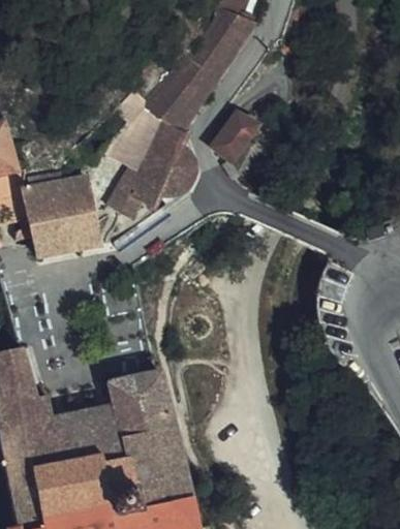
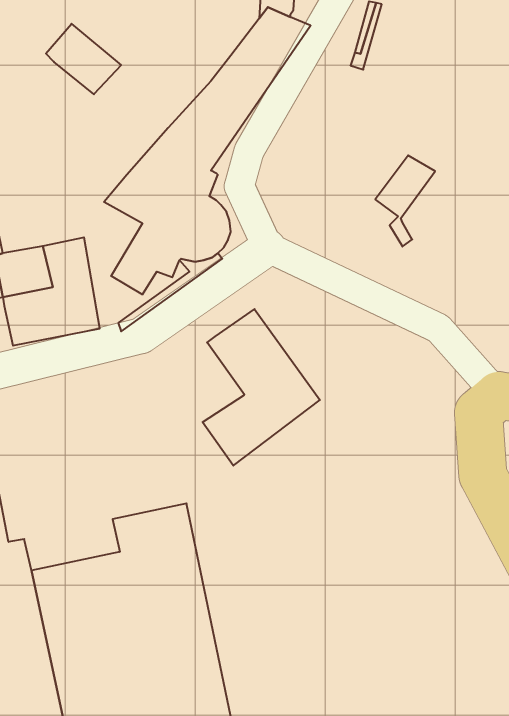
building: none -> [46,24,121,94]
building: [215,115,258,181] -> [375,155,435,247]
building: none -> [203,309,320,466]

